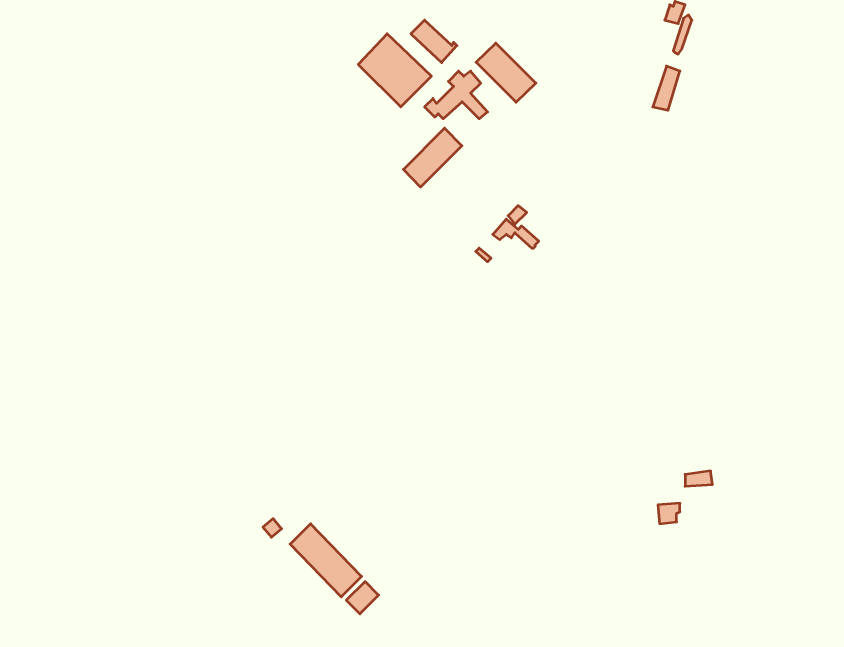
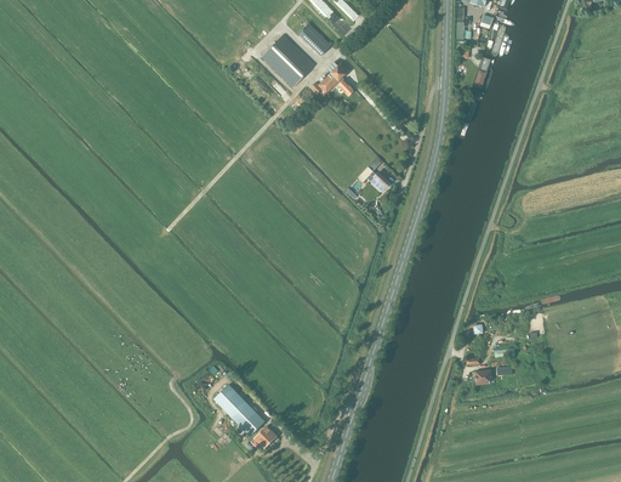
building: [476,43,536,102] -> none
building: [403,128,462,187] -> none

